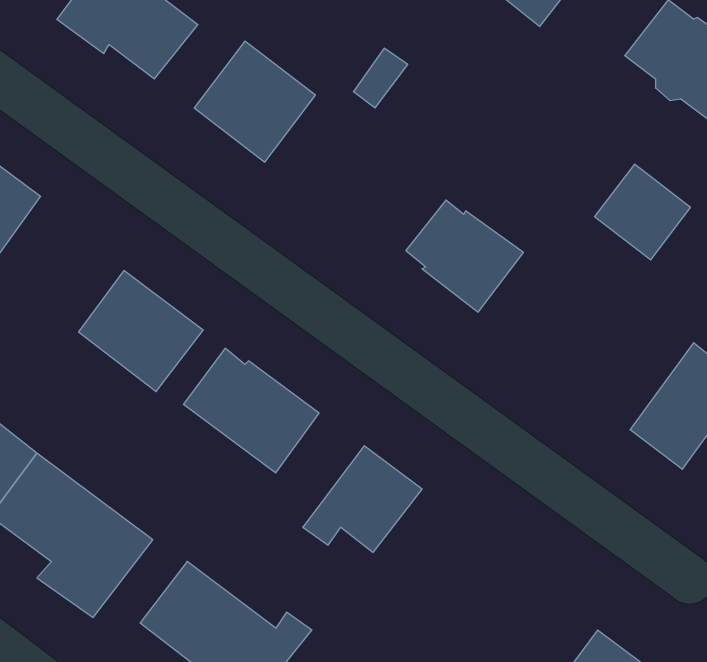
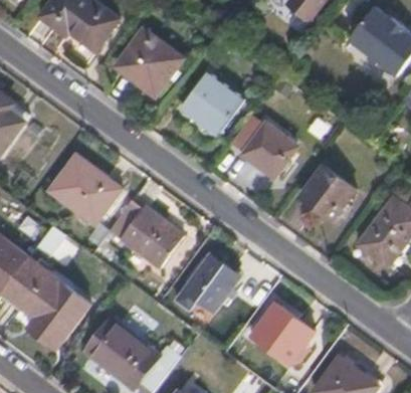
building: none -> [181,73,242,134]
building: [595,164,690,260] -> [300,166,354,219]
building: none -> [252,305,314,364]

